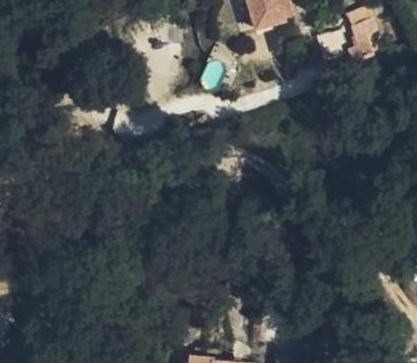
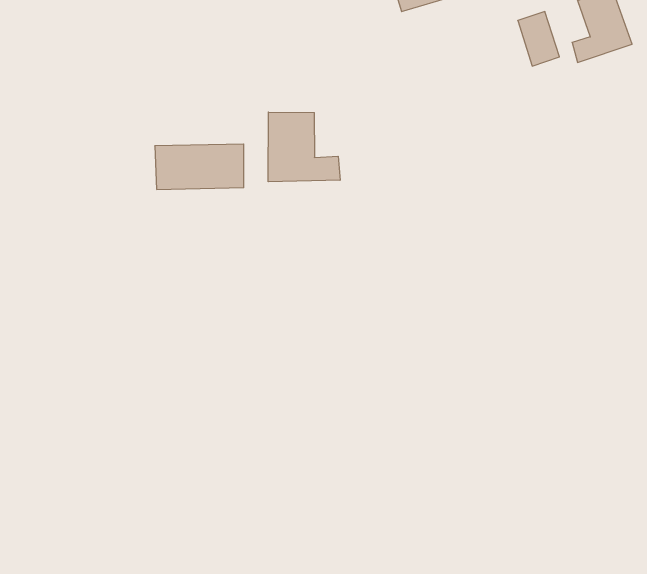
building: none -> [268,112,340,182]

